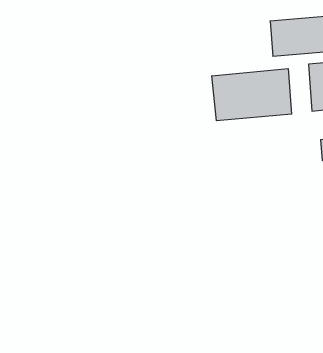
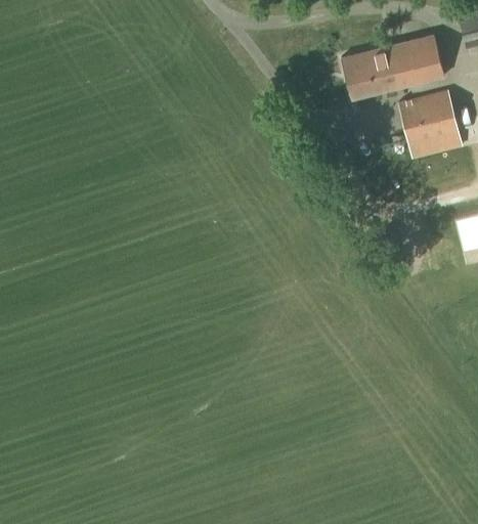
building: [212,69,292,121] -> none

